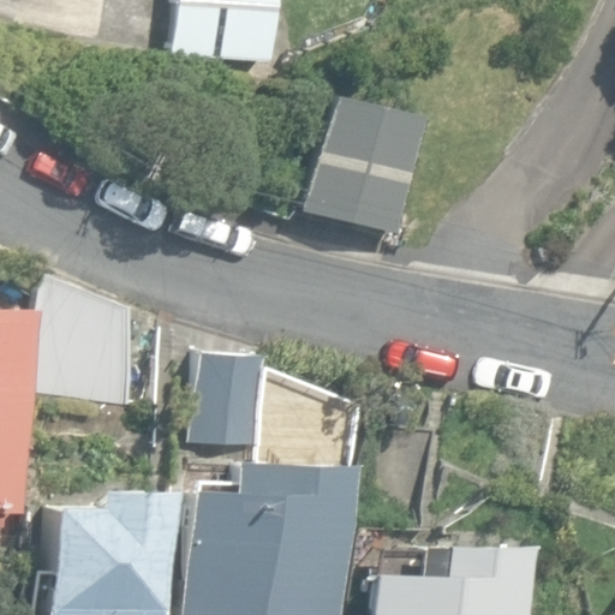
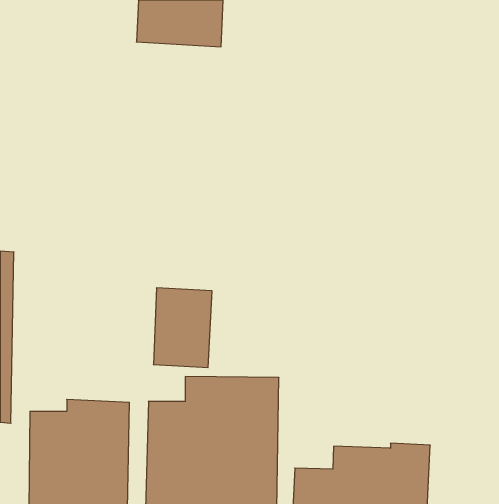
building: [299,95,426,238] -> none
building: [43,274,138,408] -> none

